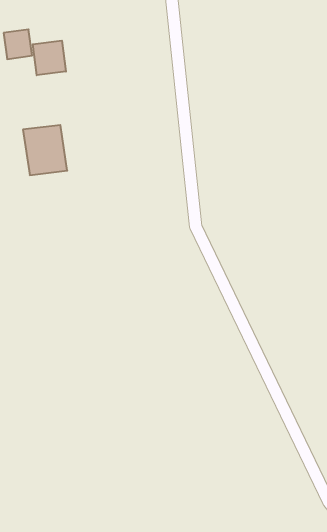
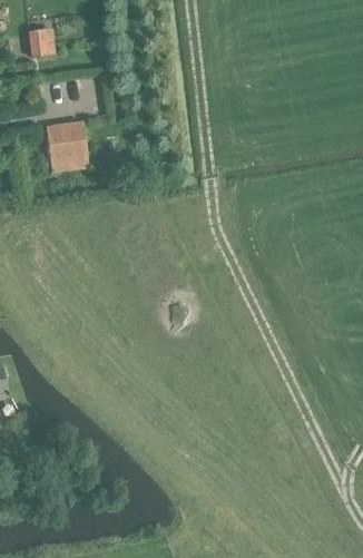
building: [33,41,66,75] -> none

